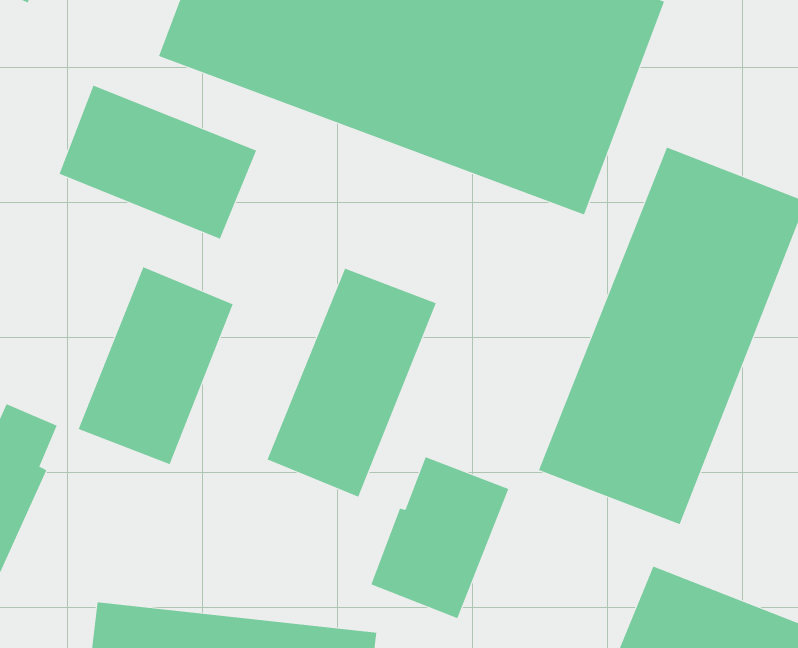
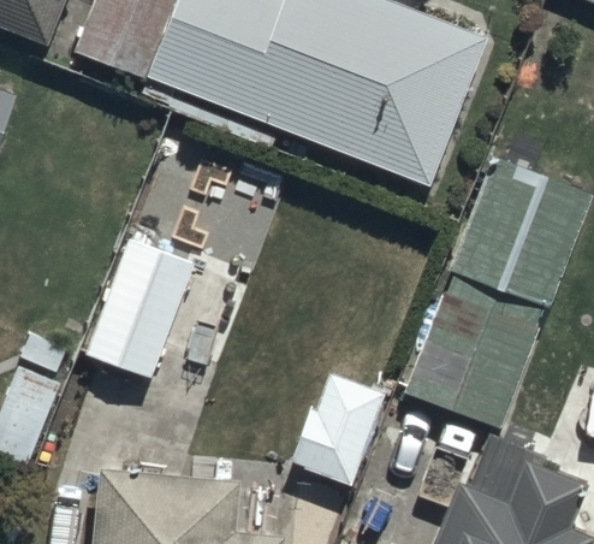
building: [59,85,257,240] -> none
building: [267,268,437,498] -> none

